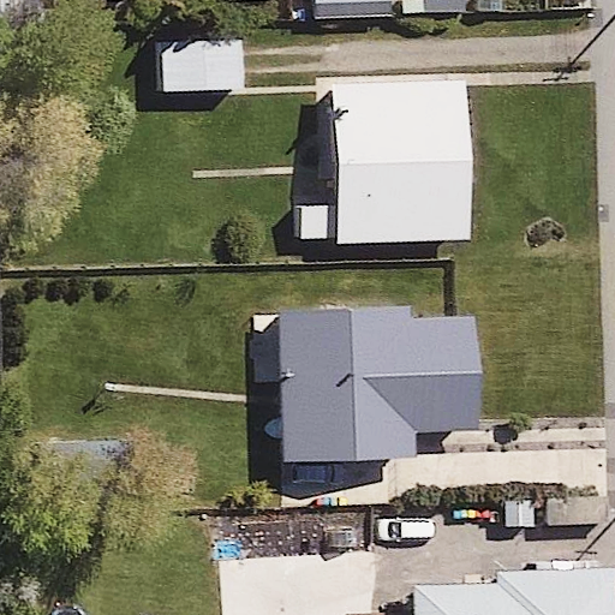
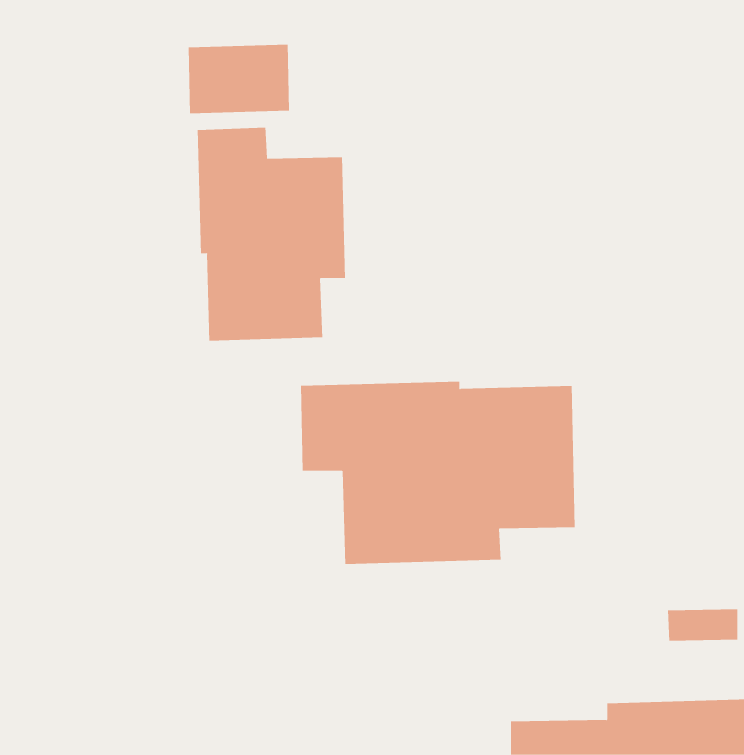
building: [299,79,472,243] -> none
building: none -> [197,127,346,342]

